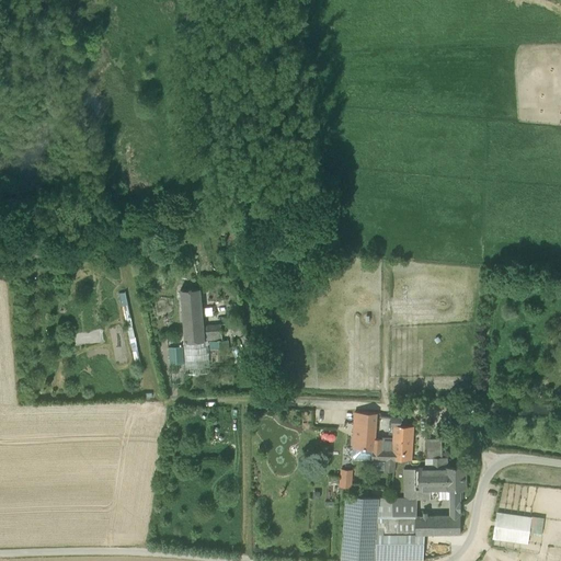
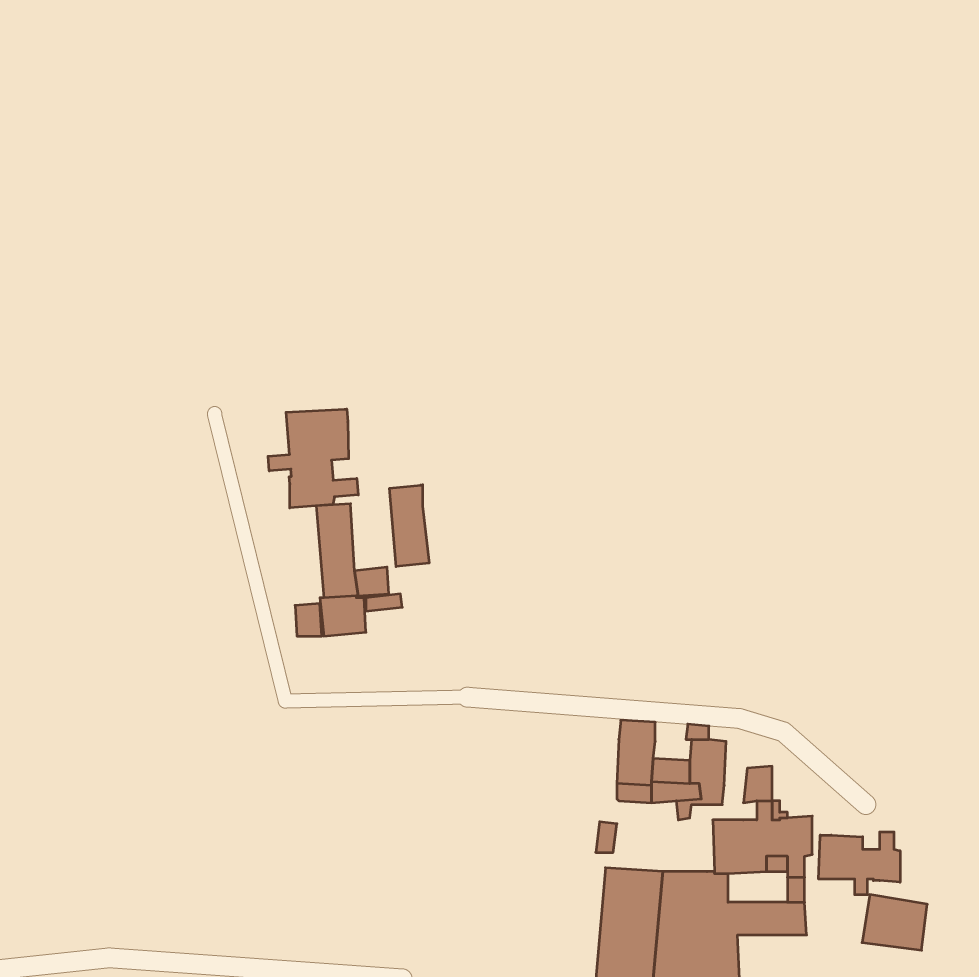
building: none -> [268,409,358,508]
building: none -> [390,485,429,567]
building: none -> [819,832,900,895]

